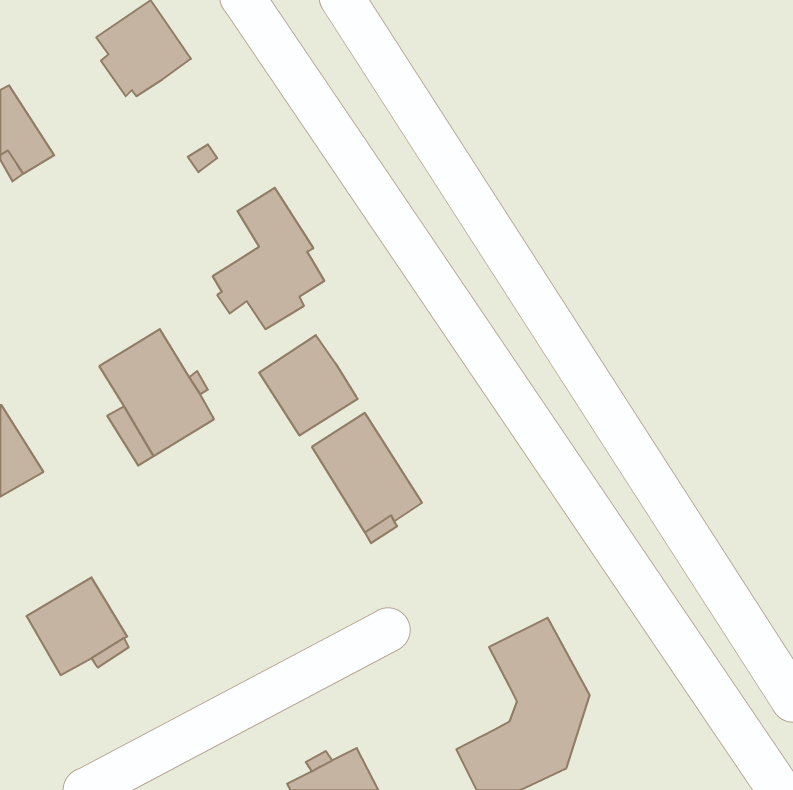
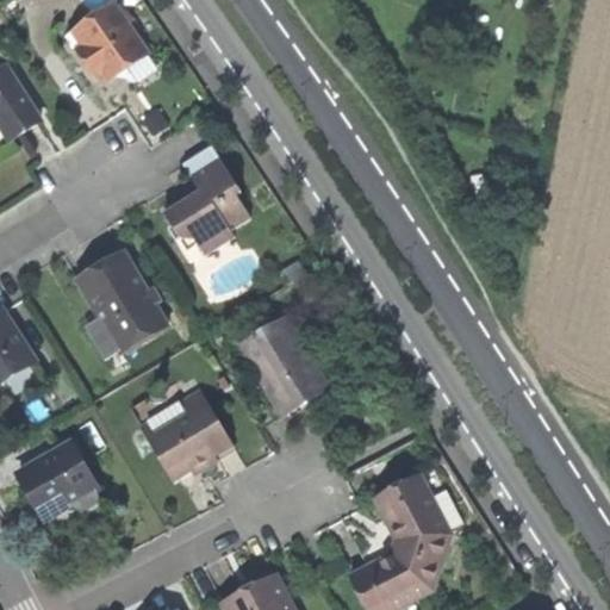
building: [259,335,358,436] -> none
building: none -> [148,388,232,477]

